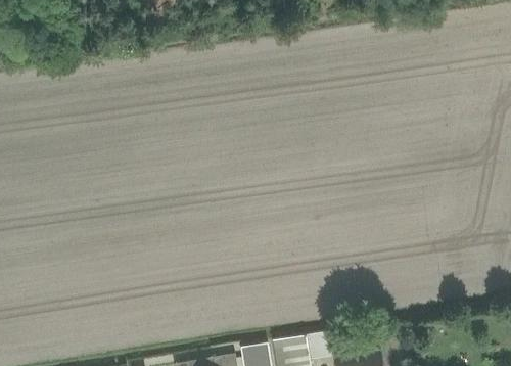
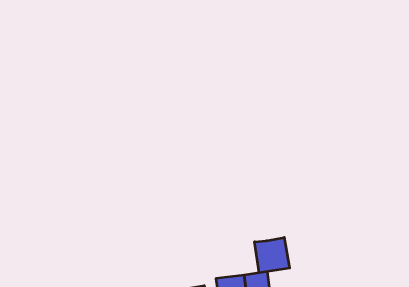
building: none -> [255,237,290,273]

